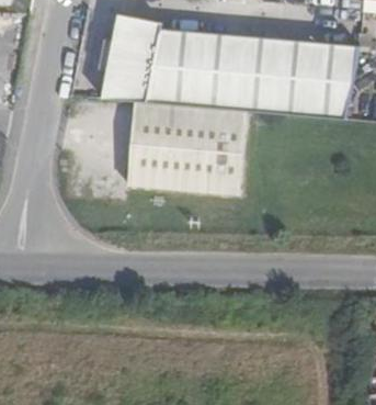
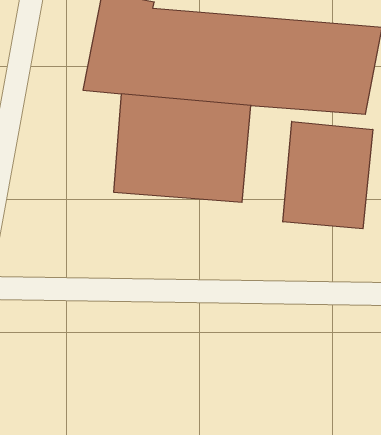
building: none -> [283,121,373,229]

